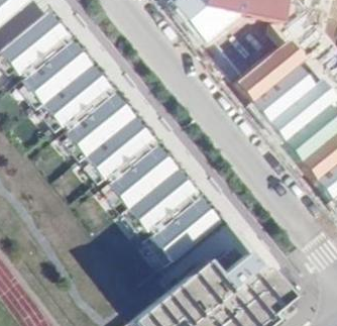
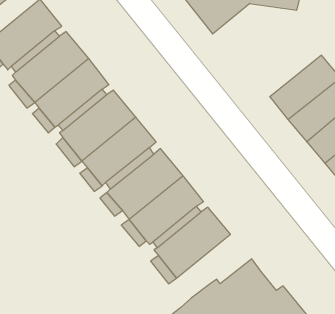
building: [240,36,309,98] -> none

